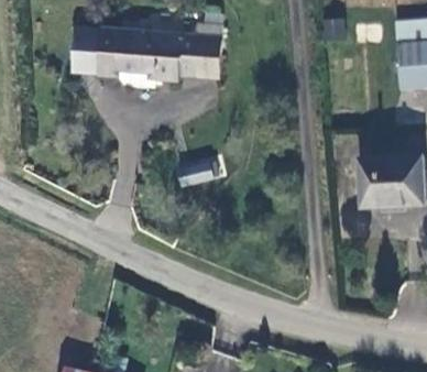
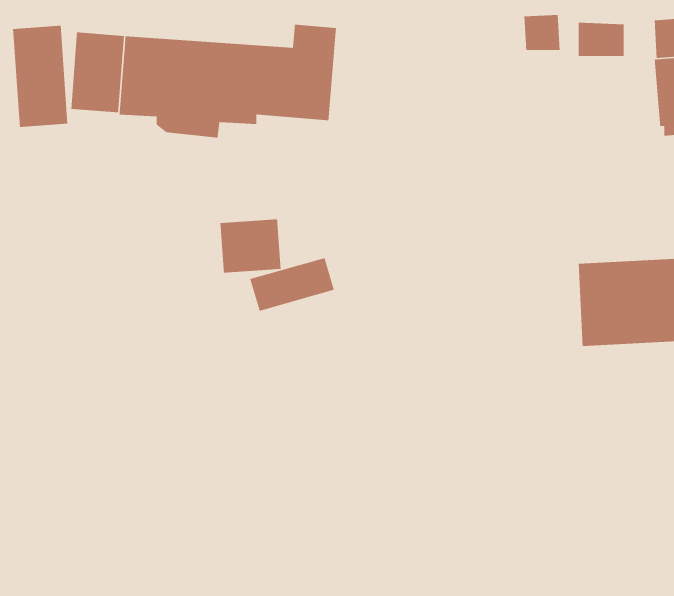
building: none -> [12,25,68,128]
building: none -> [219,218,282,274]

